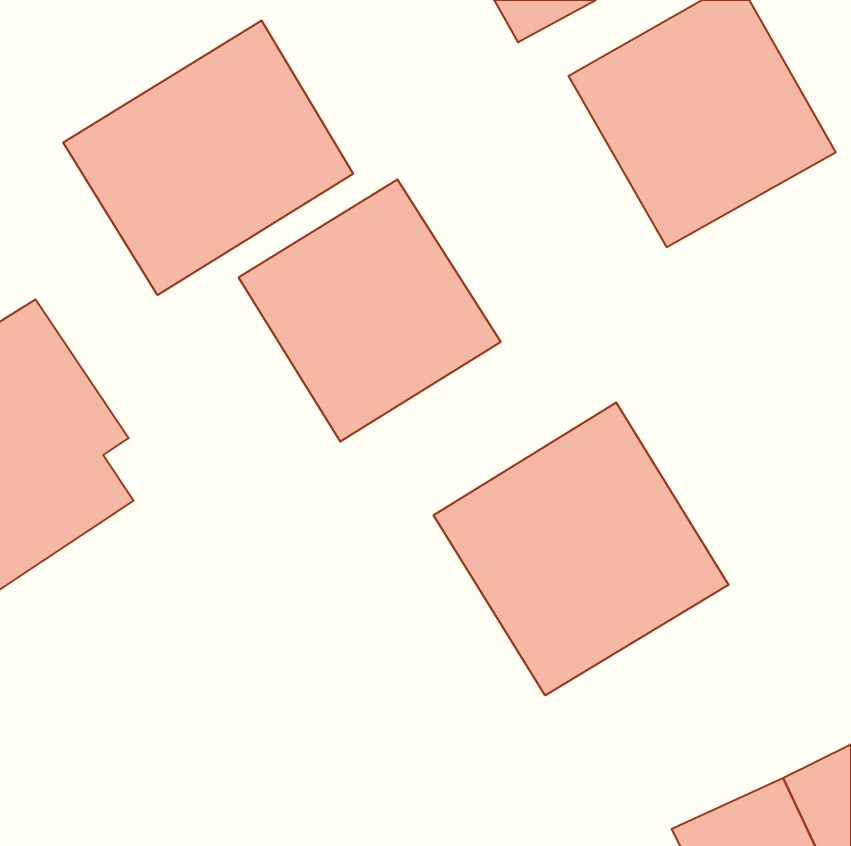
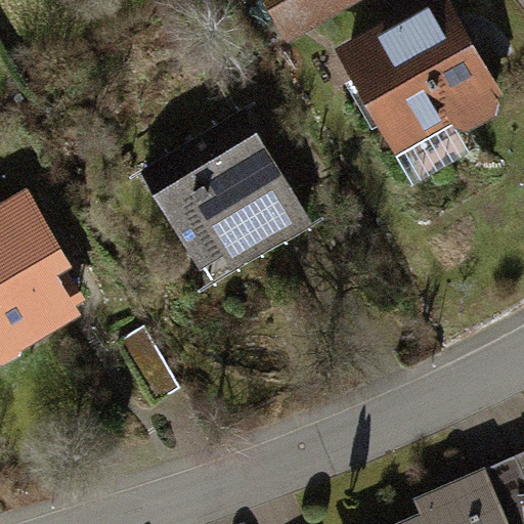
building: [63,20,353,295] -> none
building: [434,402,729,695] -> none

